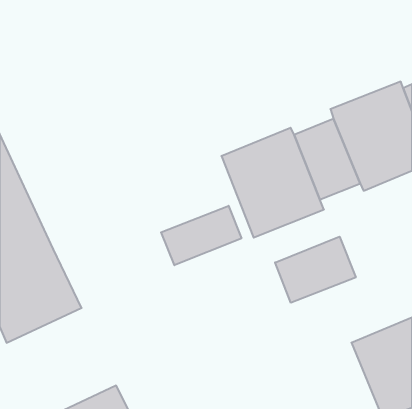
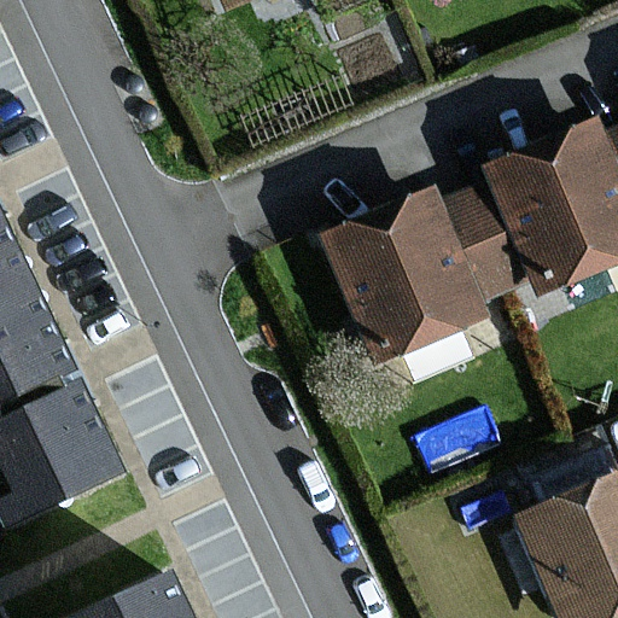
building: [161,206,241,265] -> none
building: [275,237,356,303] -> none

